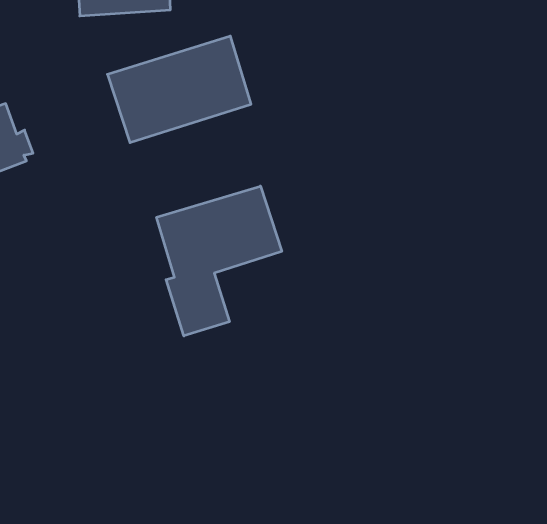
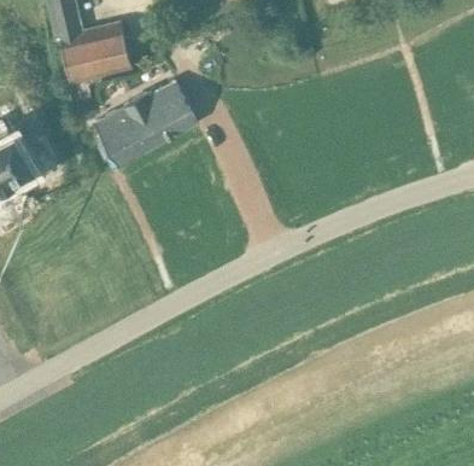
building: [157,186,282,336] -> none

